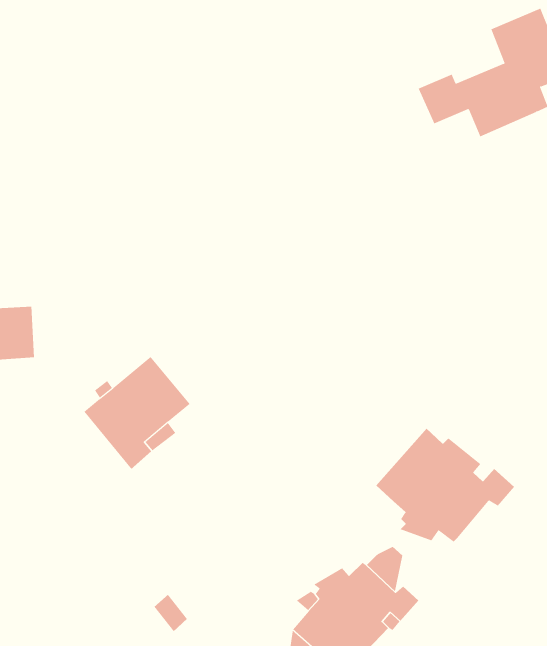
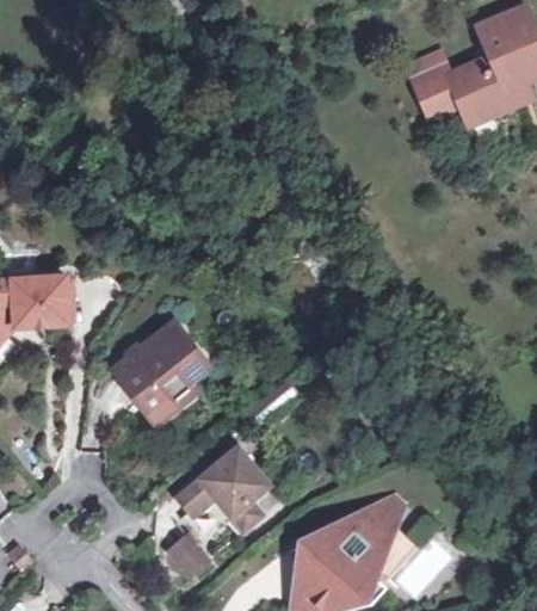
building: [375,428,515,542] -> none
building: none -> [178,450,268,530]

